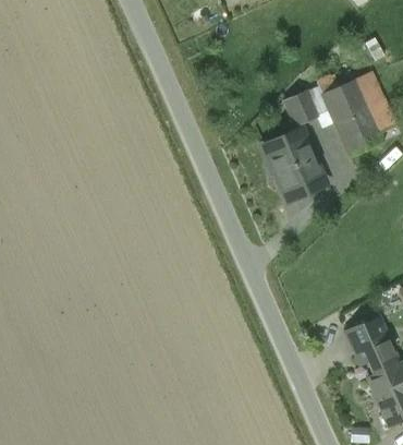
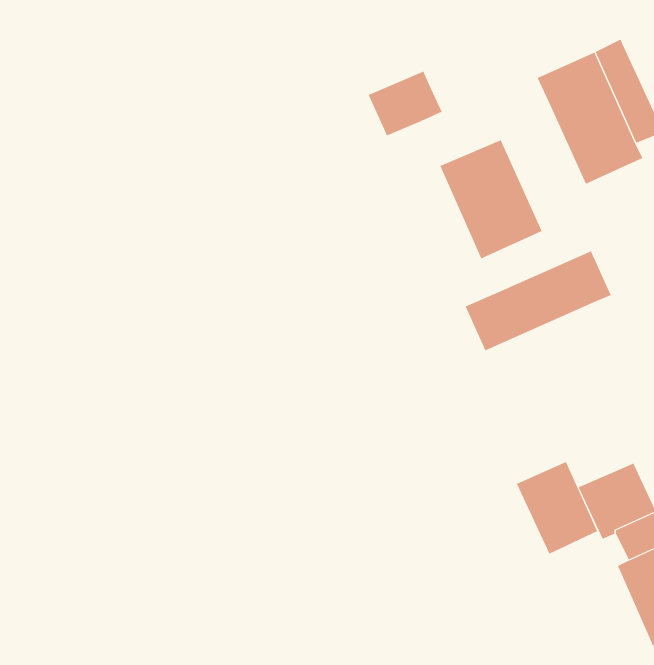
building: [285,85,329,123] -> [368,71,443,136]
building: none -> [465,250,611,351]
building: none -> [516,461,598,555]

